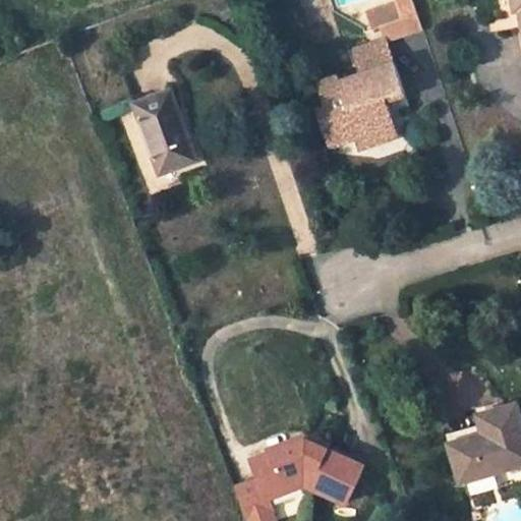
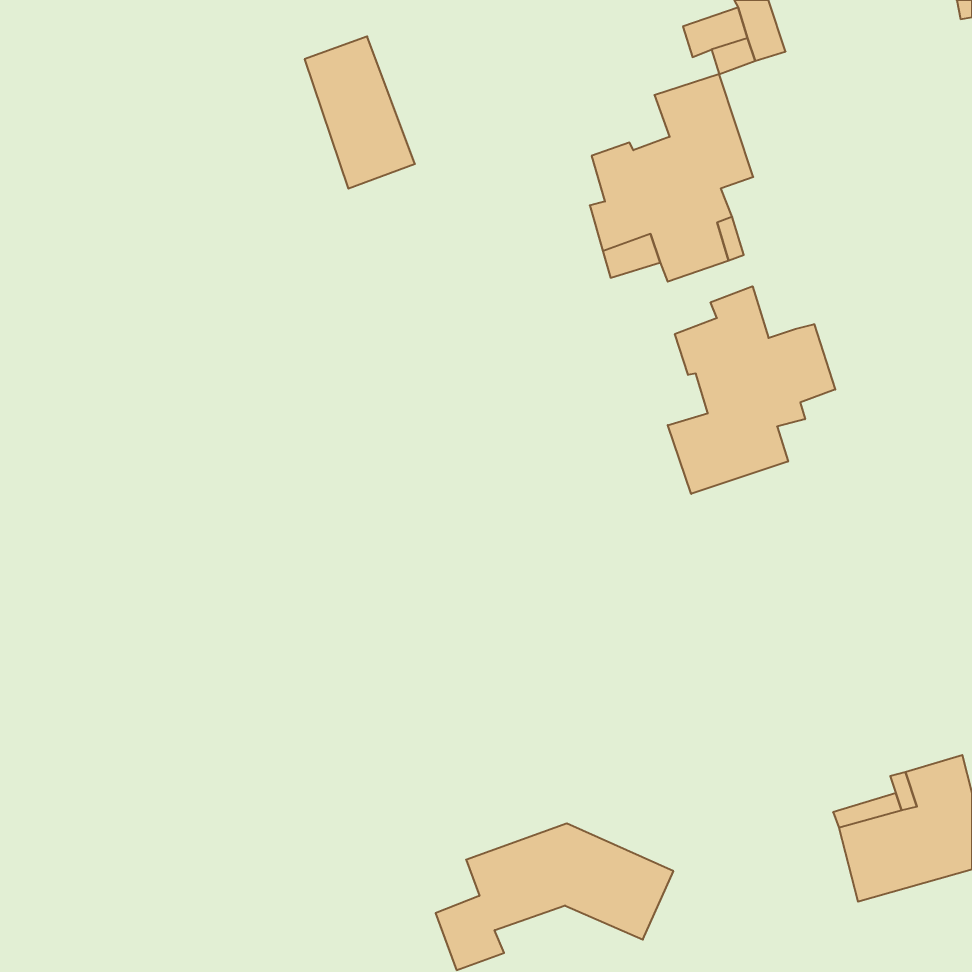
building: [134,92,193,173] -> [305,36,415,189]
building: none -> [668,286,835,494]

